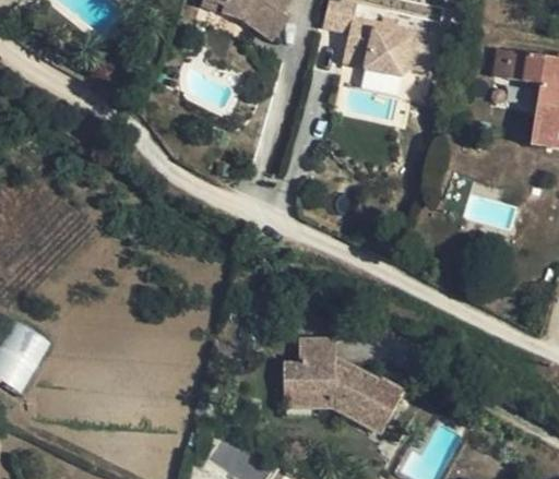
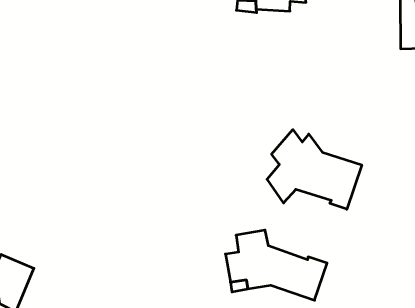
building: none -> [267,130,362,209]

